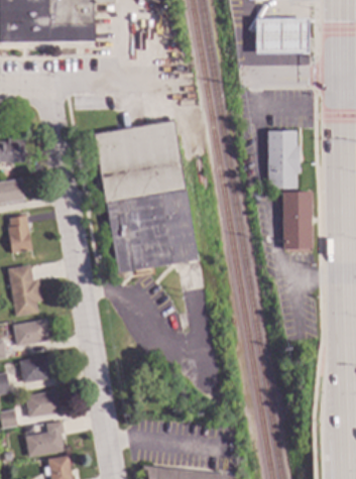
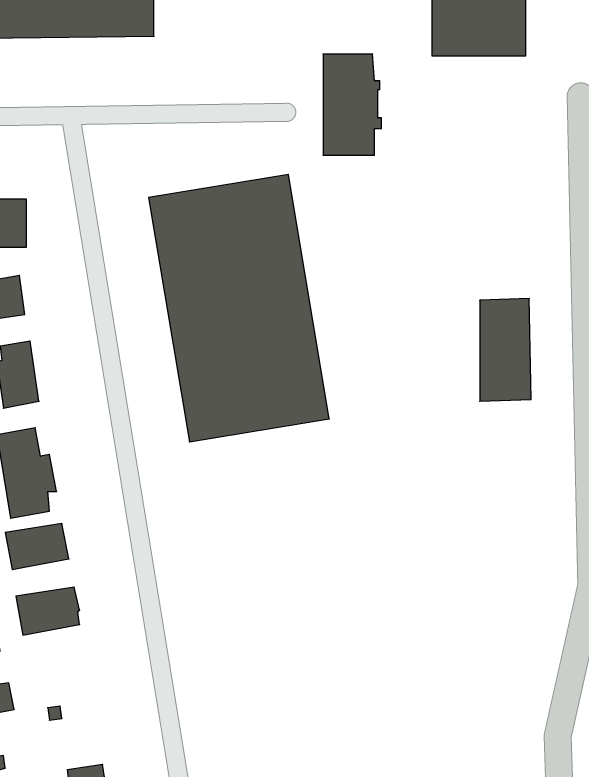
building: [268,130,302,188] -> [323,54,381,155]
building: [25,390,61,416] -> none
building: [26,421,65,456] -> none

